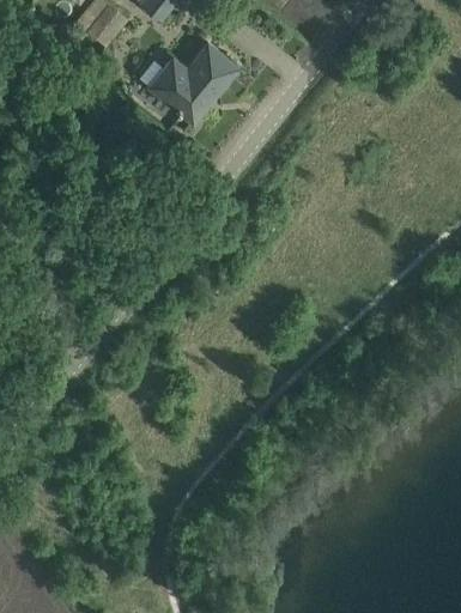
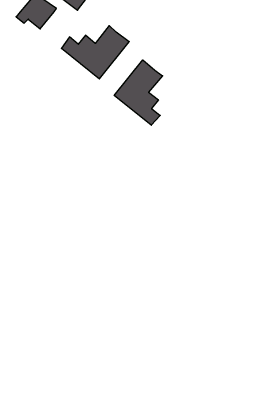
building: none -> [114,60,163,125]

